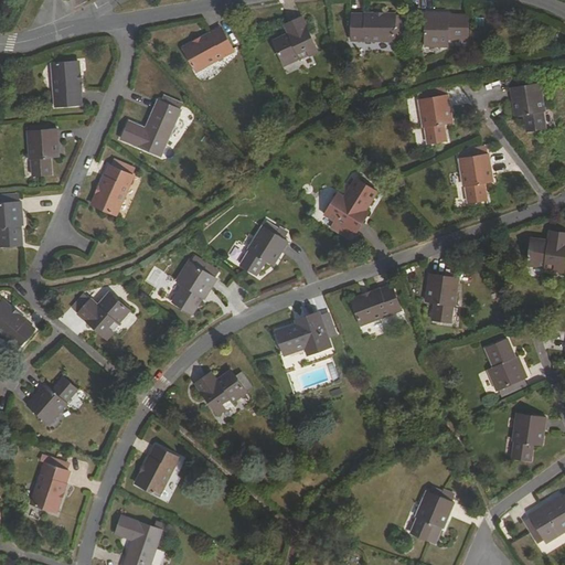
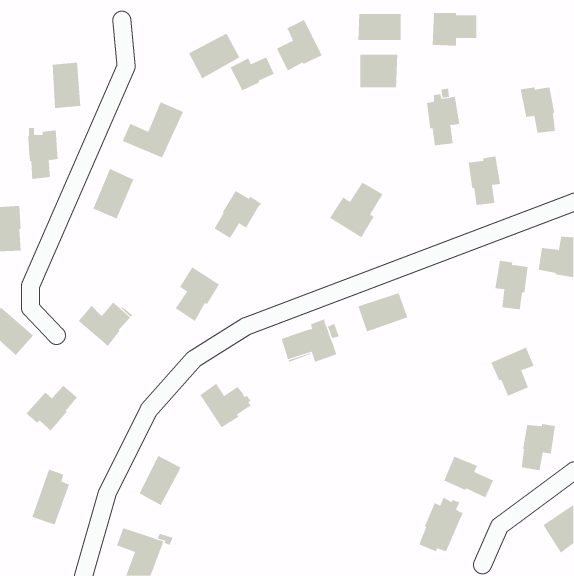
building: none -> [360,54,398,88]
building: none -> [230,56,275,91]
building: [239,227,287,275] -> [214,190,262,239]
building: [424,273,457,321] -> [495,260,528,310]
building: none -> [444,456,494,498]

